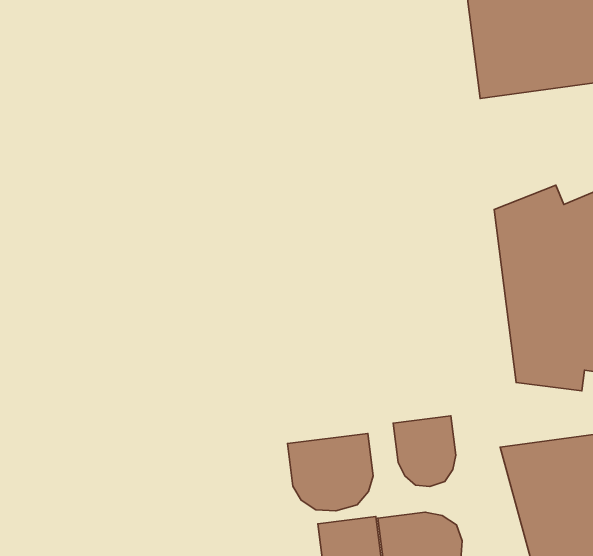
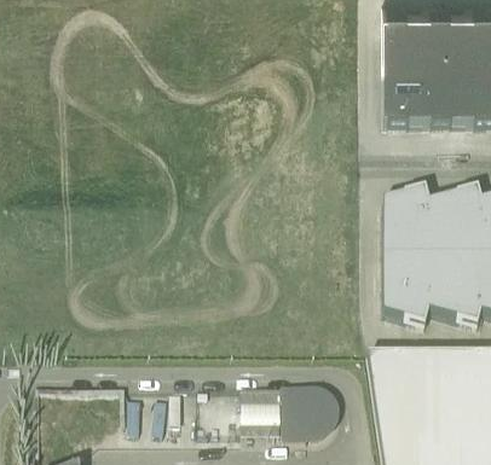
building: [393,416,456,486] -> none
building: [288,433,373,511] -> none

